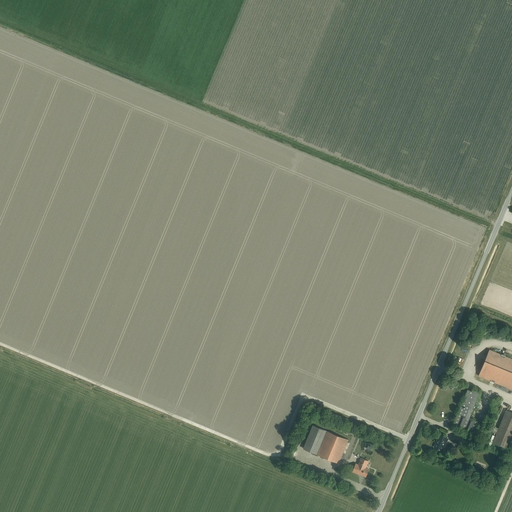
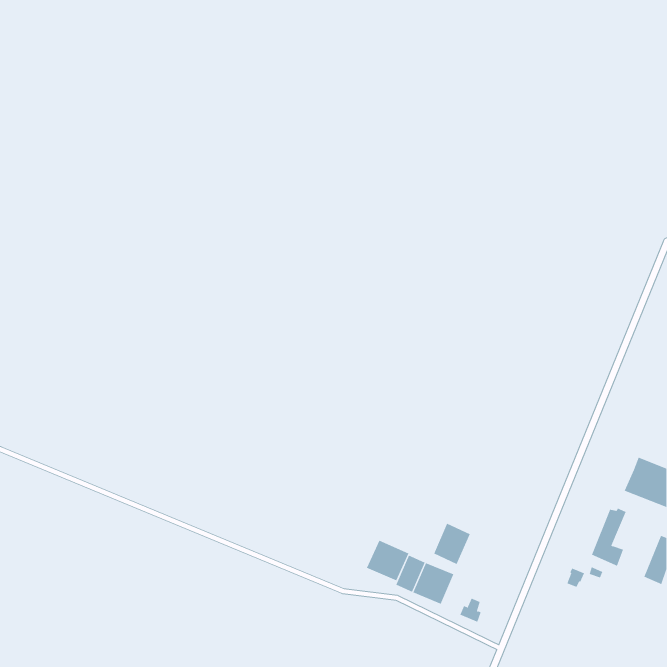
building: none -> [433,523,470,565]
building: none -> [366,540,409,581]

